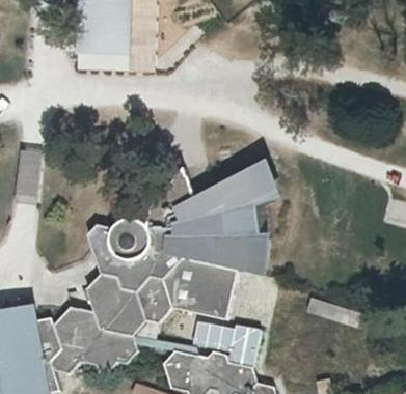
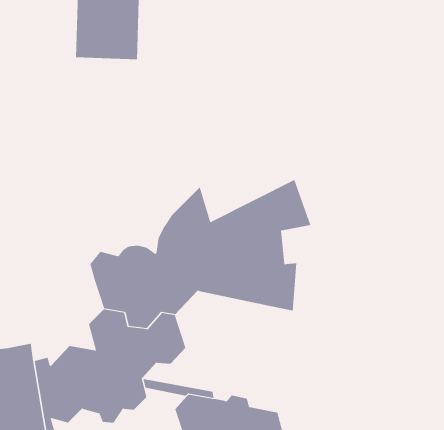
building: [162,259,236,320] -> none
building: [192,319,260,366] -> none

